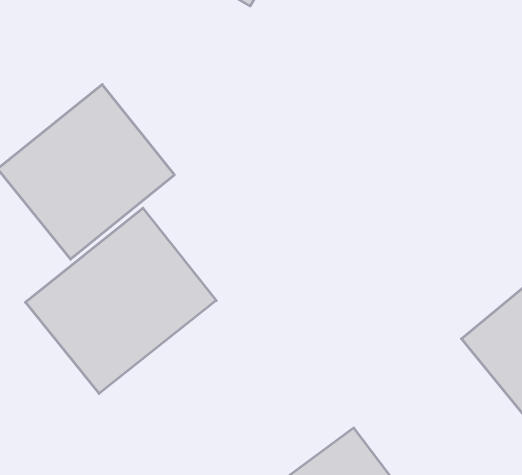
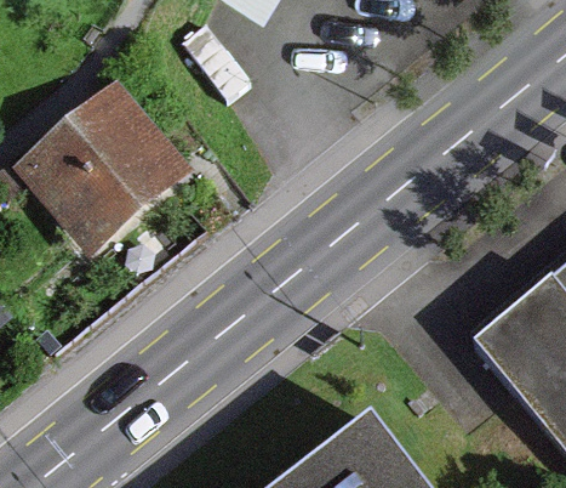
building: [25,208,216,394] -> none

